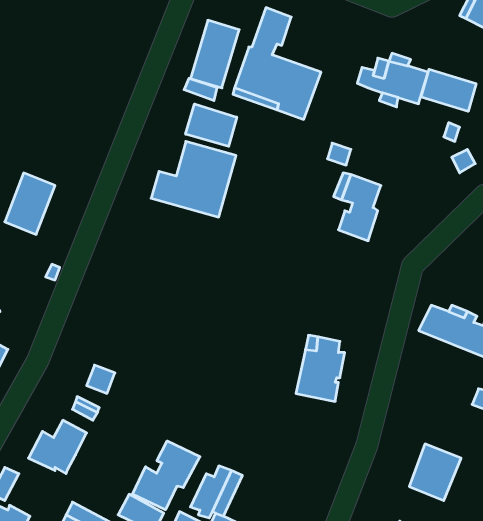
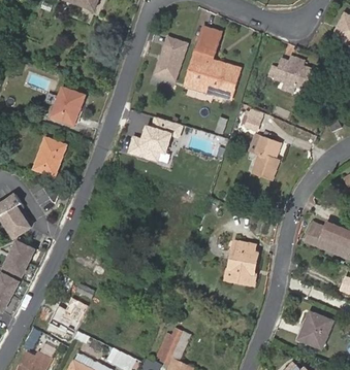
building: [421,69,476,111] -> none
building: none -> [46,87,86,125]
building: [186,104,237,146] -> none
building: [133,441,200,510] -> none

